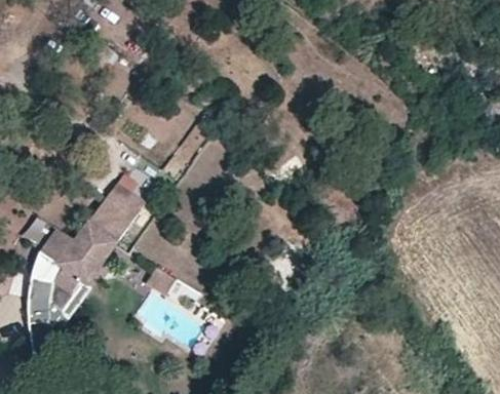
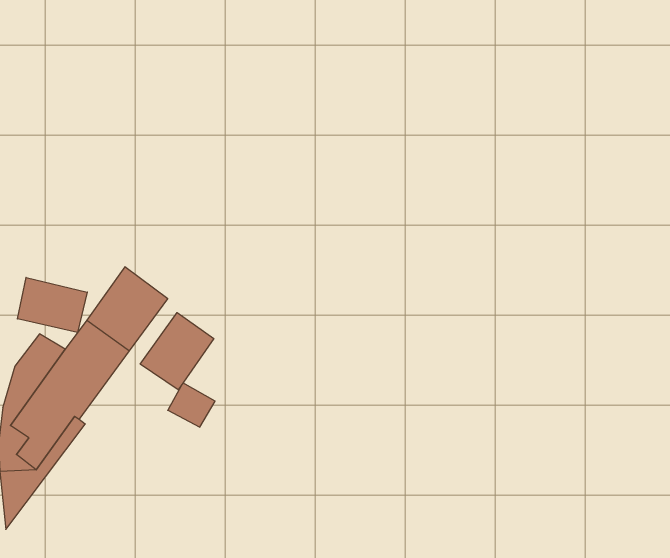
building: none -> [17,277,87,333]
building: none -> [140,313,214,390]

